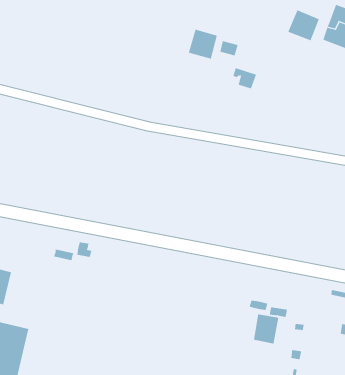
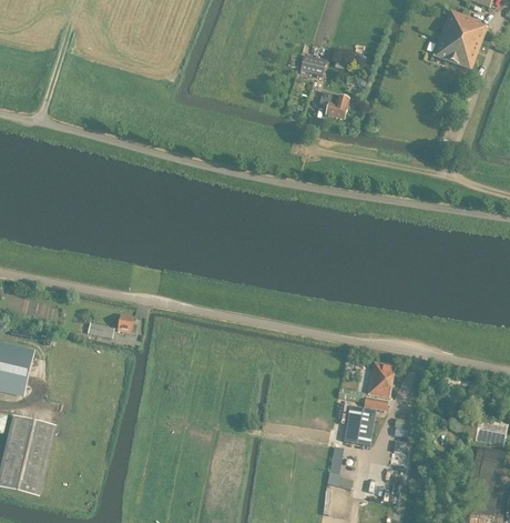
building: [288,9,319,41] -> none
building: [188,29,217,59] -> none
building: none -> [368,361,396,398]

